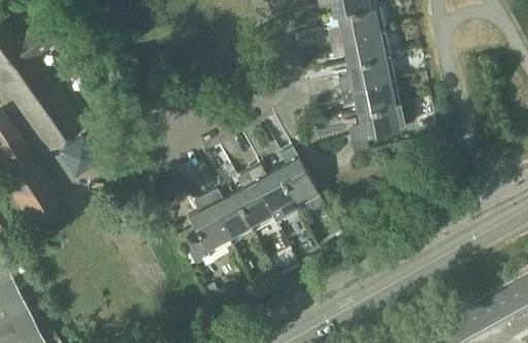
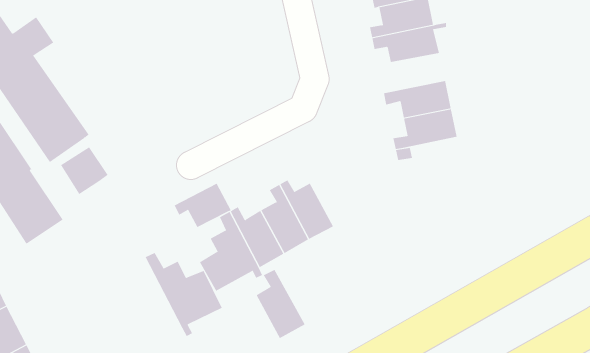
building: [337,54,393,89] -> none
building: [274,144,318,205] -> [256,269,305,339]
building: none -> [174,183,231,228]
building: none -> [145,252,222,337]

